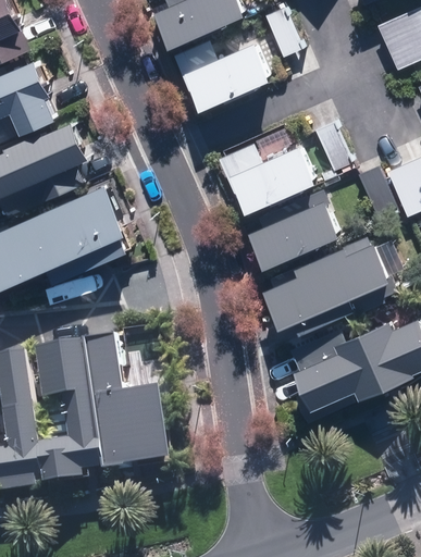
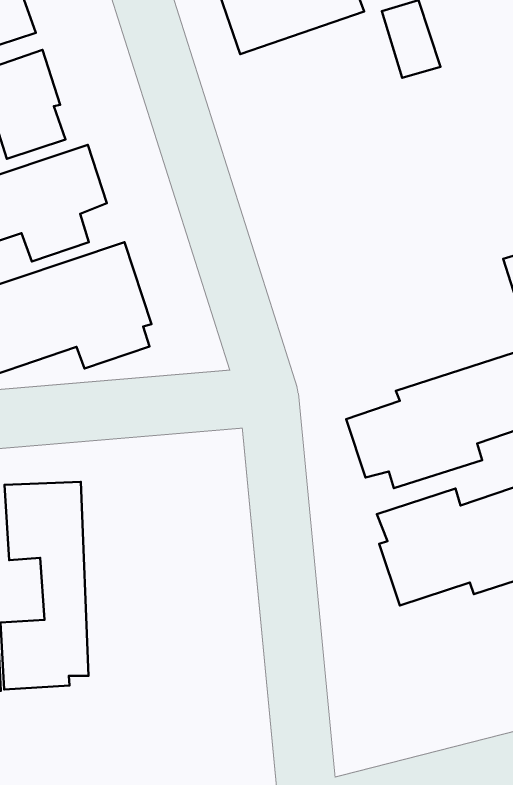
building: [172,40,272,113] -> none
building: [218,98,356,214] -> none
building: [248,200,339,271] -> none
building: [88,345,172,478] -> none

